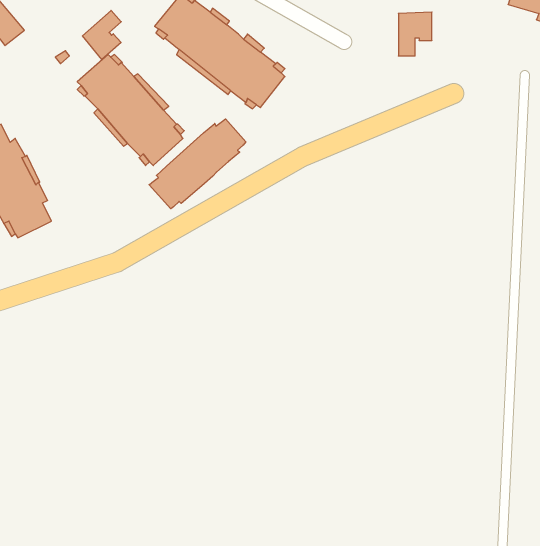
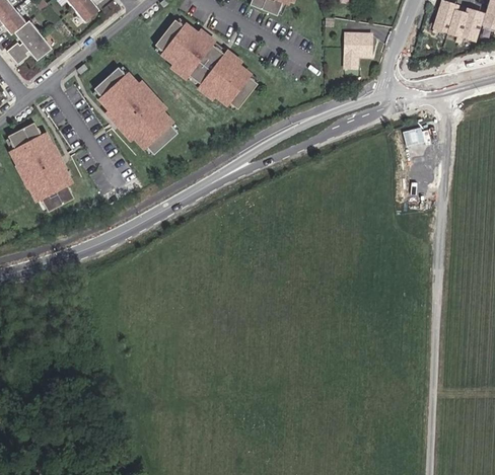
building: [82,10,121,60] -> none
building: [149,119,246,209] -> none

